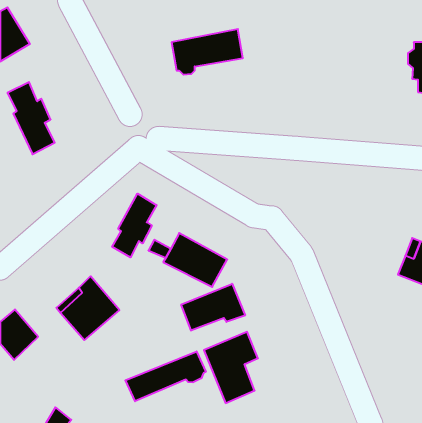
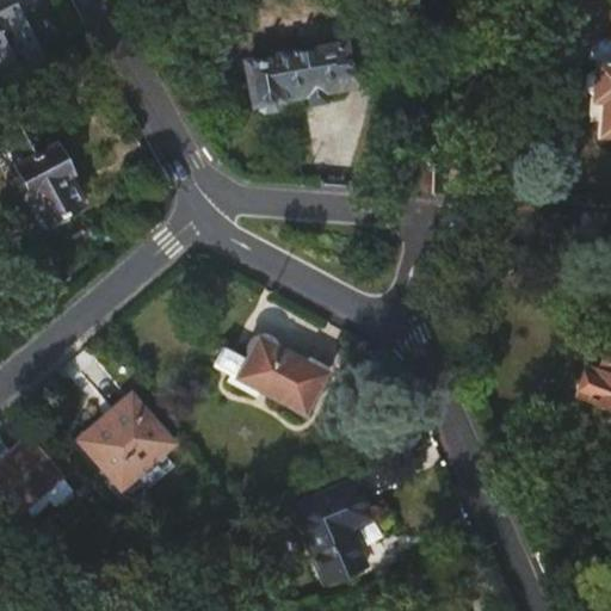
building: [112,194,157,257] -> none
building: [181,284,245,331] -> none
building: [125,351,206,401] -> none

